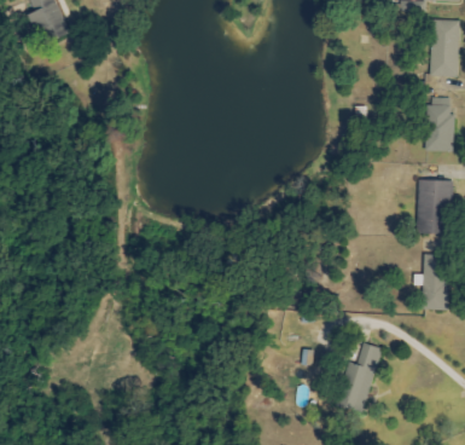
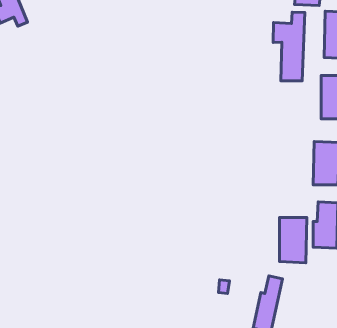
building: none -> [273,12,305,81]
building: none -> [280,217,307,263]

